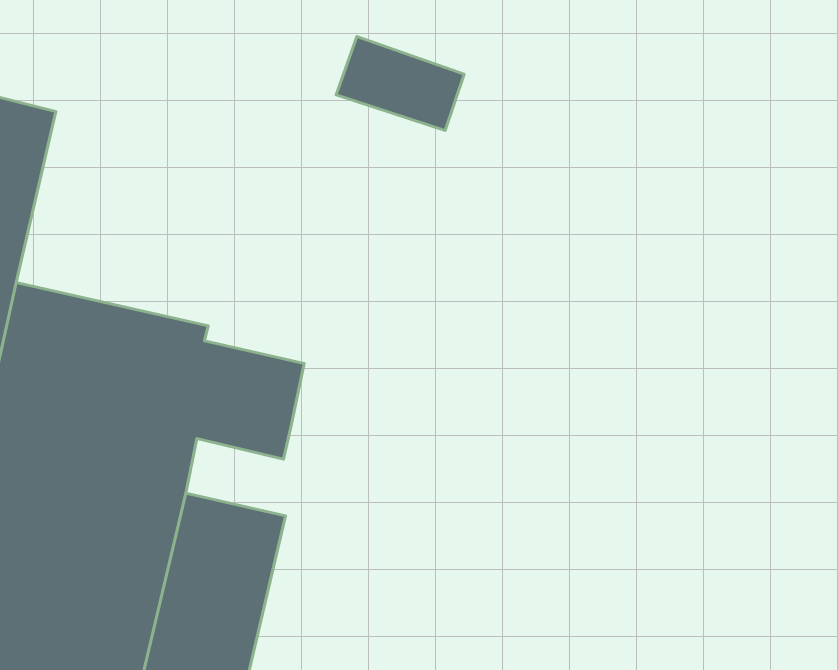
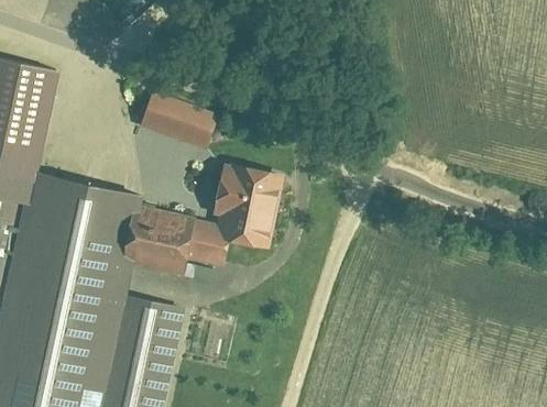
building: [336,37,464,131] -> [144,94,219,149]
building: none -> [187,161,283,264]

